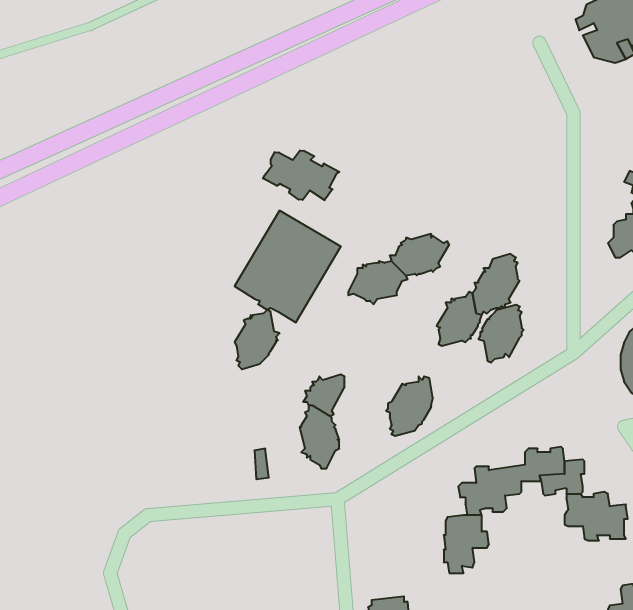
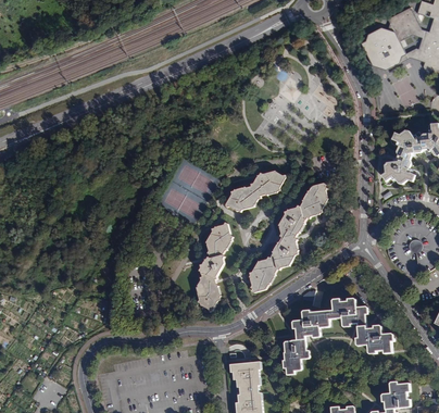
building: [263,150,339,200] -> none
building: [478,305,524,363] -> [271,235,298,270]
building: [235,310,280,369] -> [205,222,233,258]
building: none -> [229,361,260,390]

